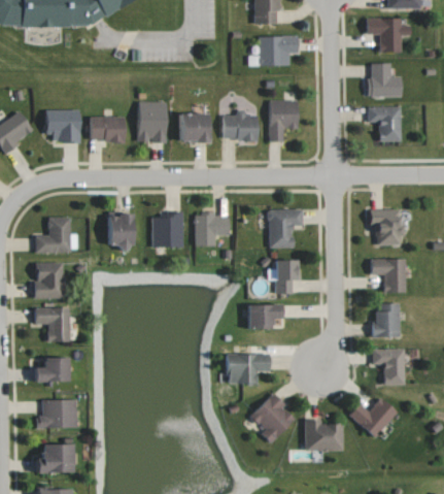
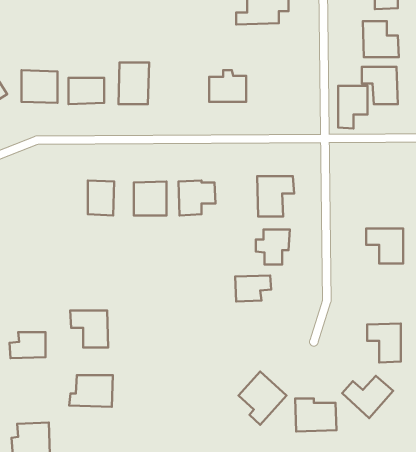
building: [270,101,298,141] -> [338,86,368,129]
building: [180,112,209,141] -> none
building: [372,209,403,245] -> none
building: [35,217,70,253] -> none
building: [35,262,64,299] -> none
building: [374,303,401,337] -> none
building: [34,307,70,342] -> [70,310,108,348]
building: [228,354,270,383] -> none
building: [36,399,77,429] -> [69,375,113,407]

